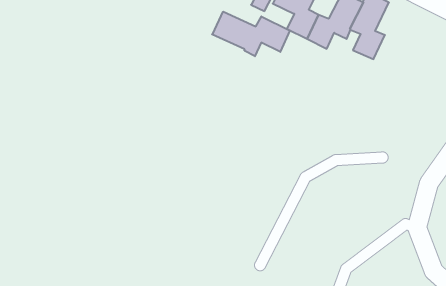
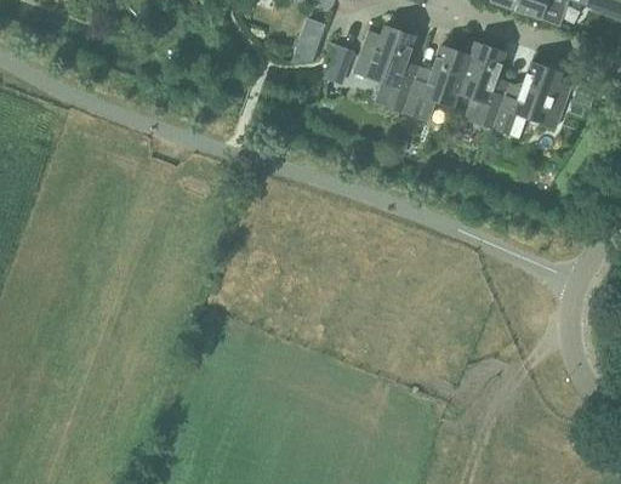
building: [212,12,290,56] -> none
building: none -> [491,62,569,137]

